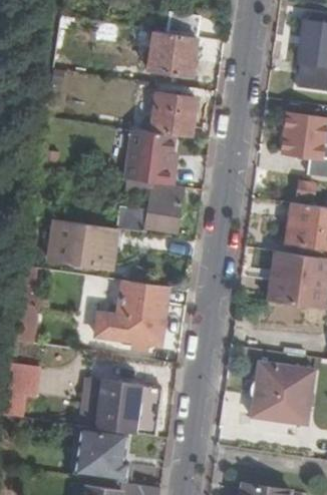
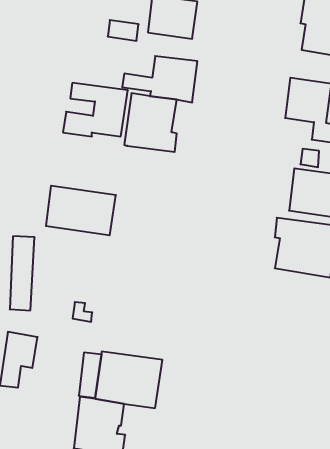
building: [119,180,183,232] -> [63,83,128,136]
building: [96,281,169,351] -> none
building: [252,363,313,425] -> none

